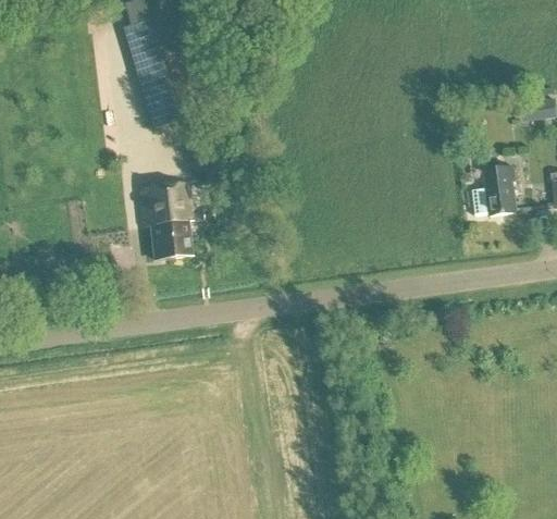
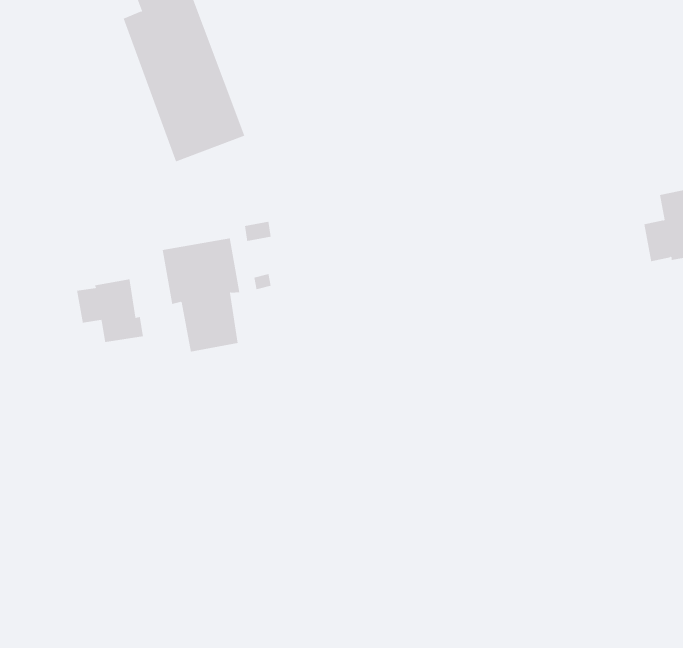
building: none -> [77,278,144,343]

